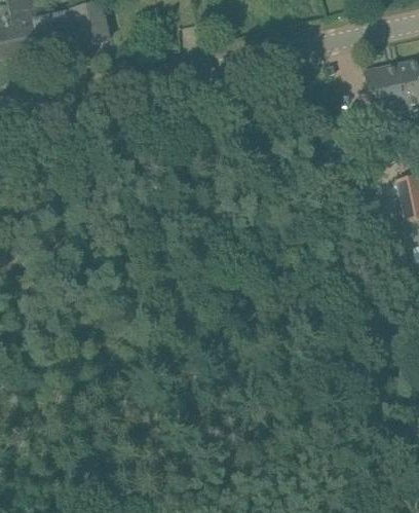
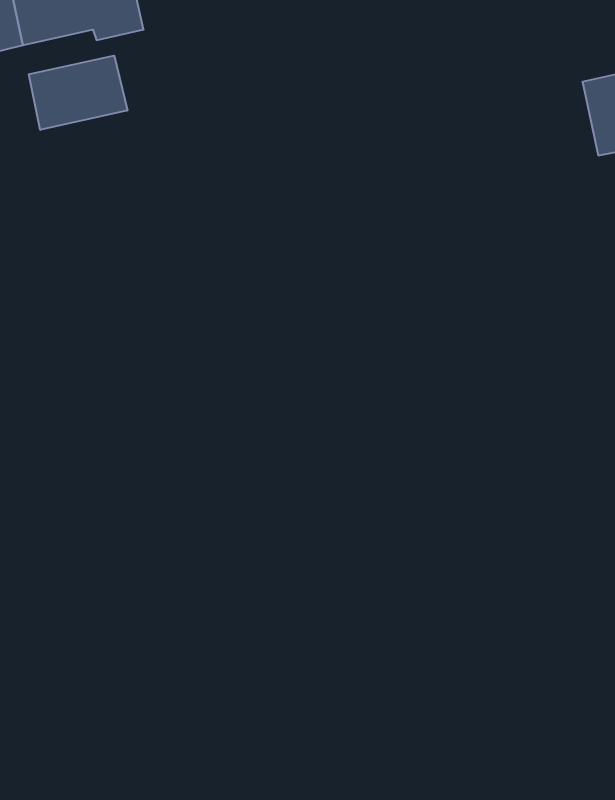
building: none -> [29,56,127,130]

